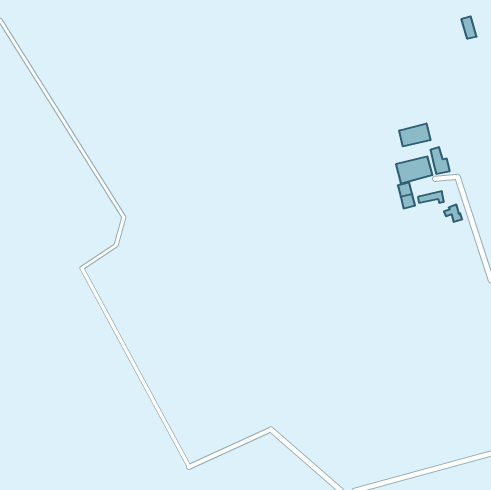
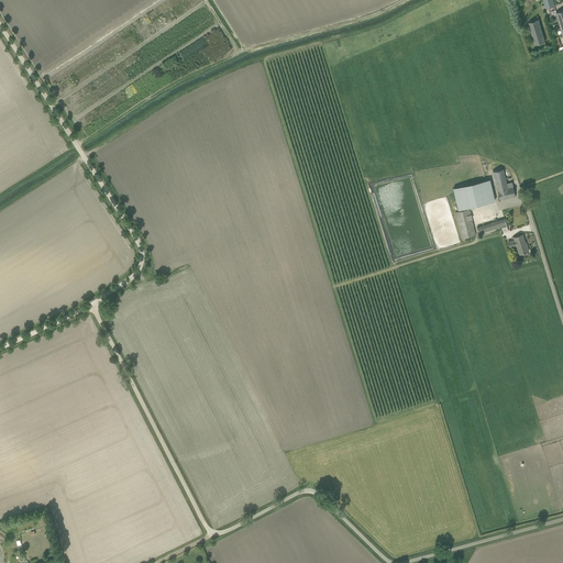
building: [399,123,431,146] -> none

